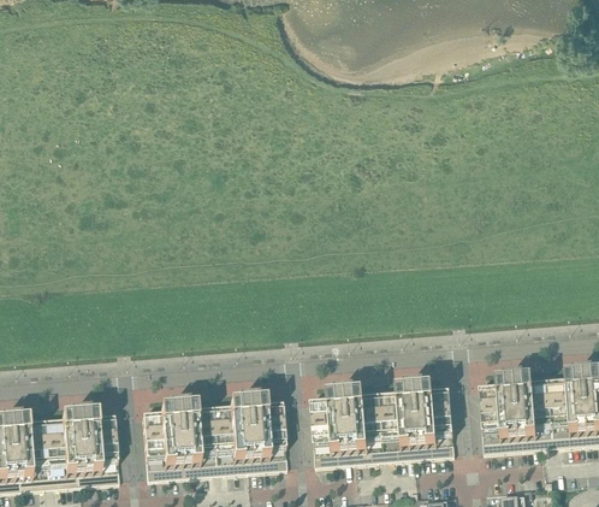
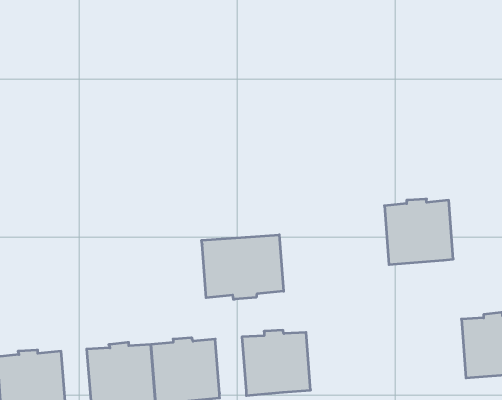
building: none -> [202,235,284,299]
building: [479,376,553,447] -> [384,199,453,265]
building: [380,383,455,454] -> none

